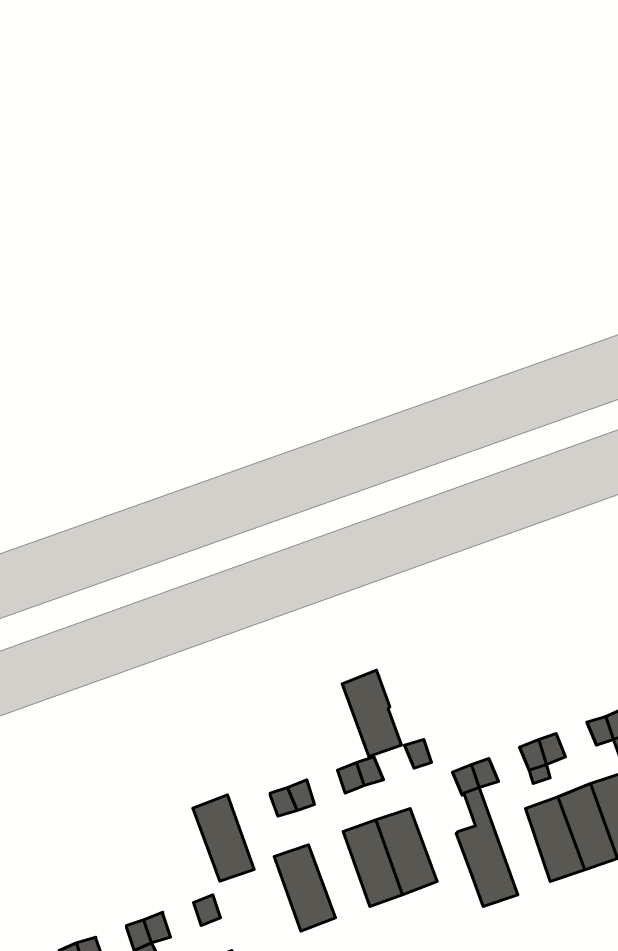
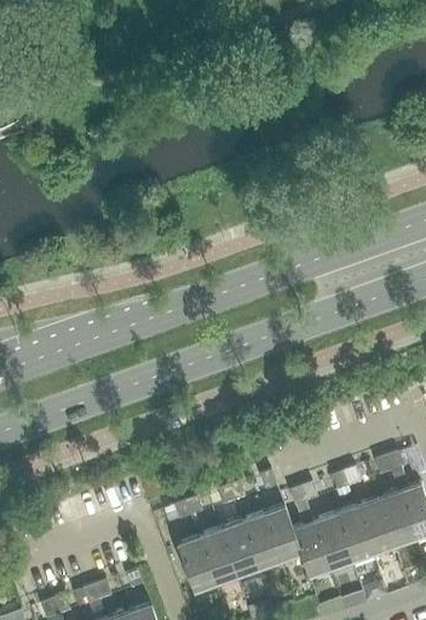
building: [342,670,401,757] -> [263,506,300,561]
building: [193,795,254,881] -> [198,529,237,584]
building: none -> [313,515,351,569]

